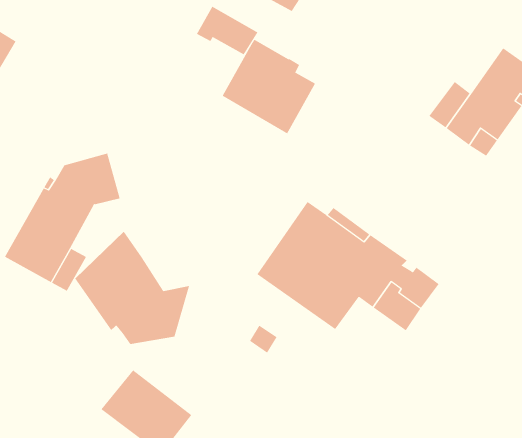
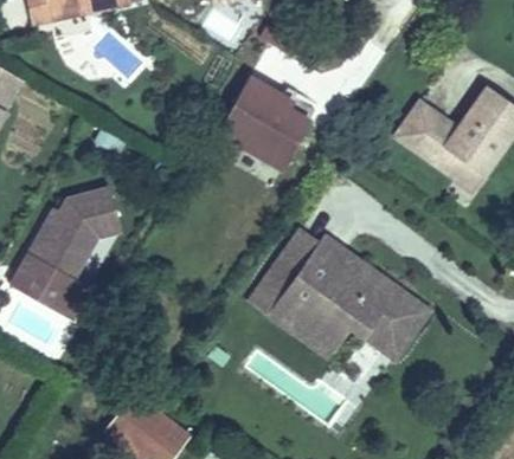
building: [196,6,258,55] -> none
building: none -> [394,101,441,149]
building: [75,231,190,345] -> none

